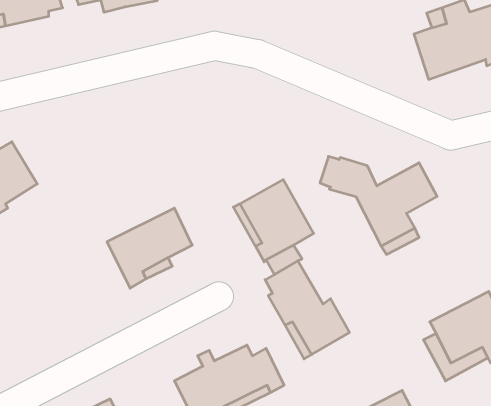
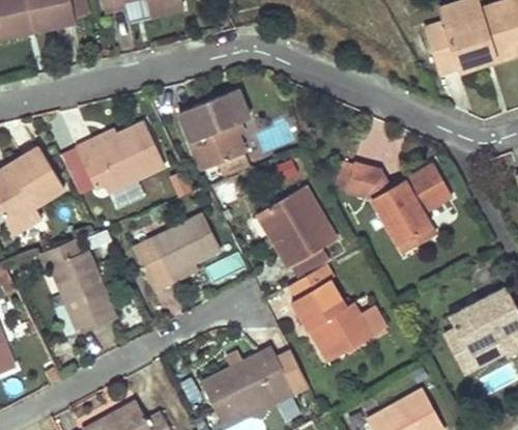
building: none -> [177,89,247,175]
building: none -> [71,124,157,194]
building: none -> [36,237,112,334]

